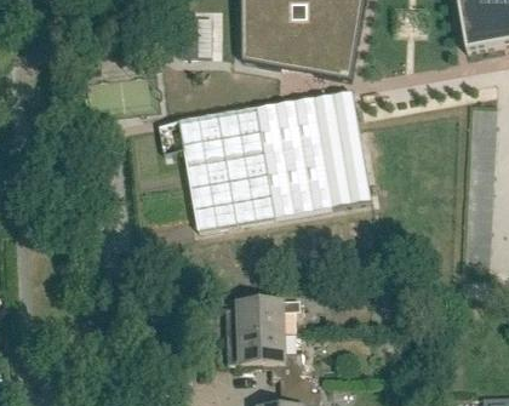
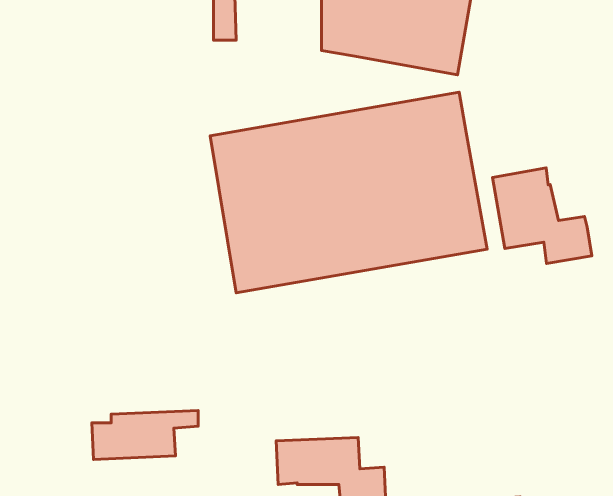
building: none -> [492,168,592,264]
building: [223,298,297,332] -> [92,411,198,459]

